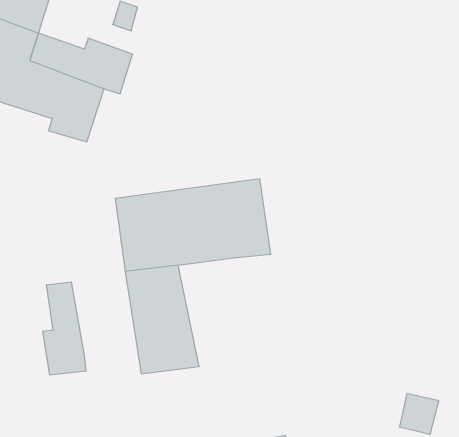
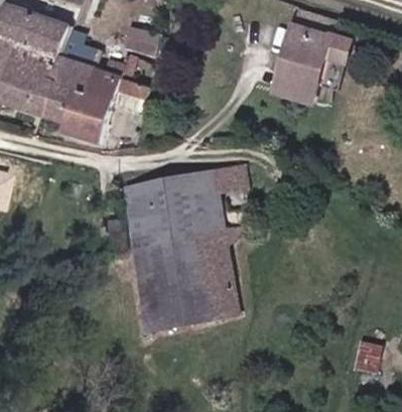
building: none -> [282,37,339,112]
building: none -> [172,232,230,320]
building: [43,282,86,375] -> none

